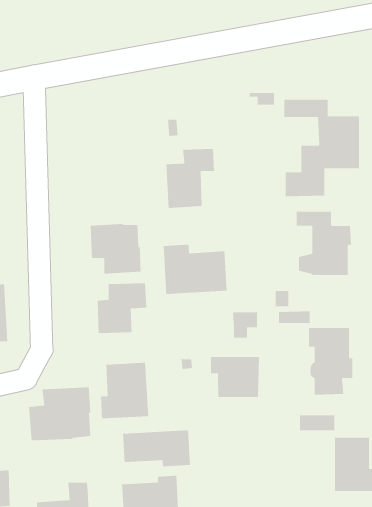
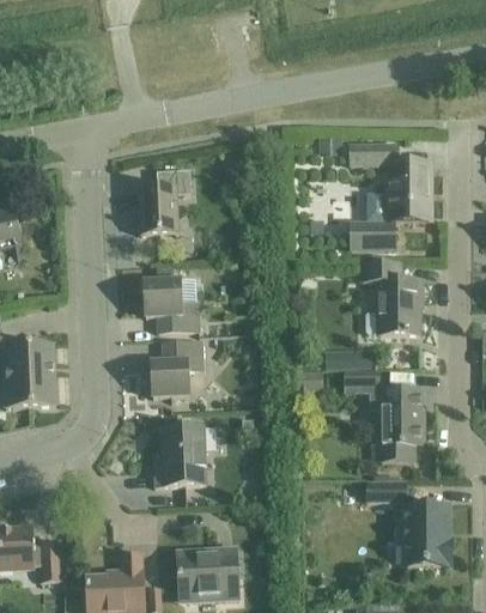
building: [166,148,215,209] -> [138,169,190,233]
building: [163,244,227,295] -> none
building: [210,356,260,398] -> none
building: [28,386,91,441] -> none
building: [122,429,191,467] -> none

